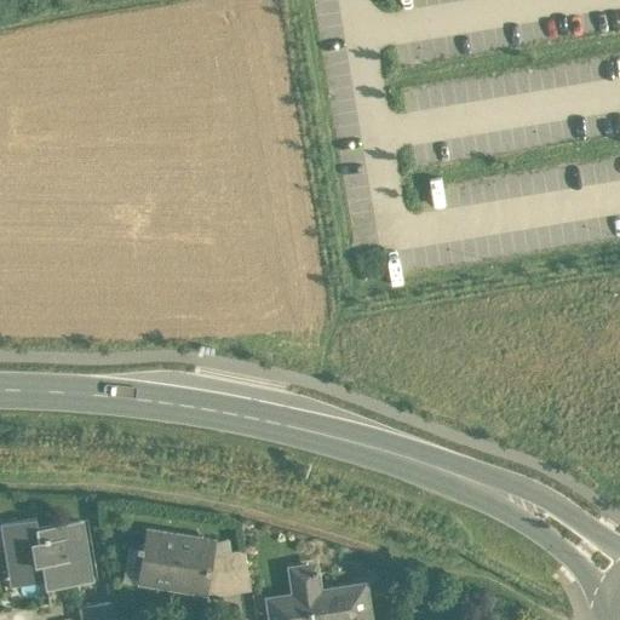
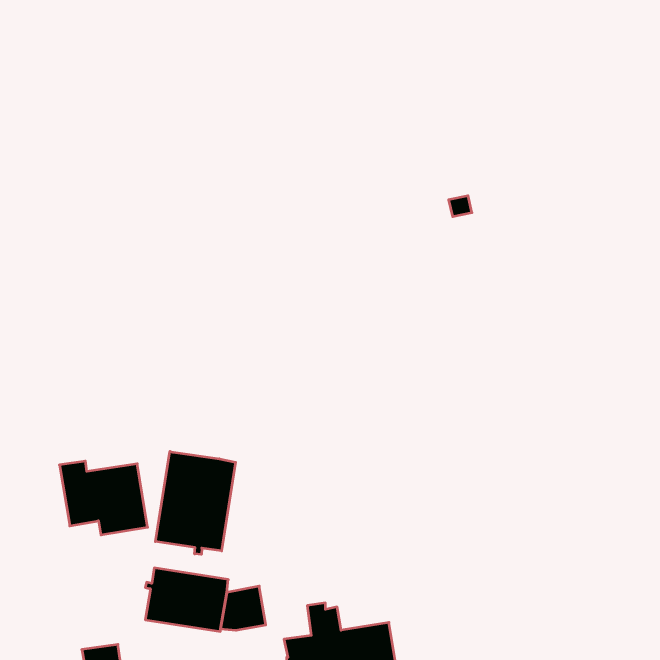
building: none -> [155,451,236,554]
building: [6,521,88,590] -> [59,461,148,535]

